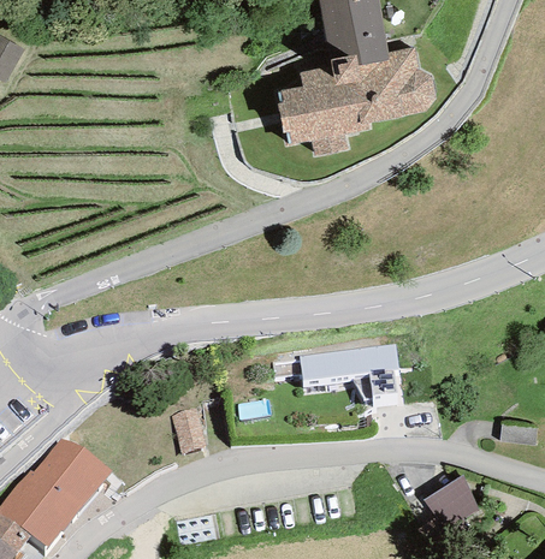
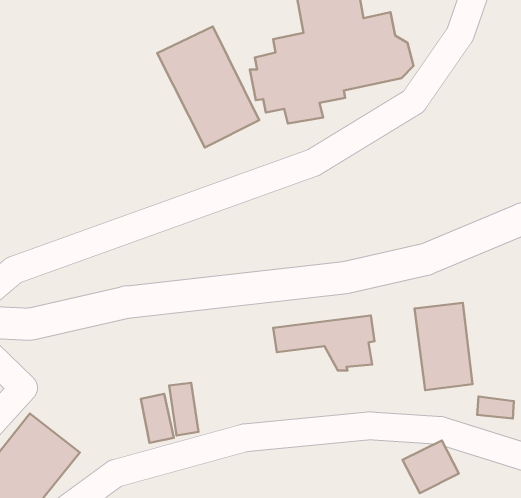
building: none -> [157,26,259,147]
building: none -> [414,303,473,390]

